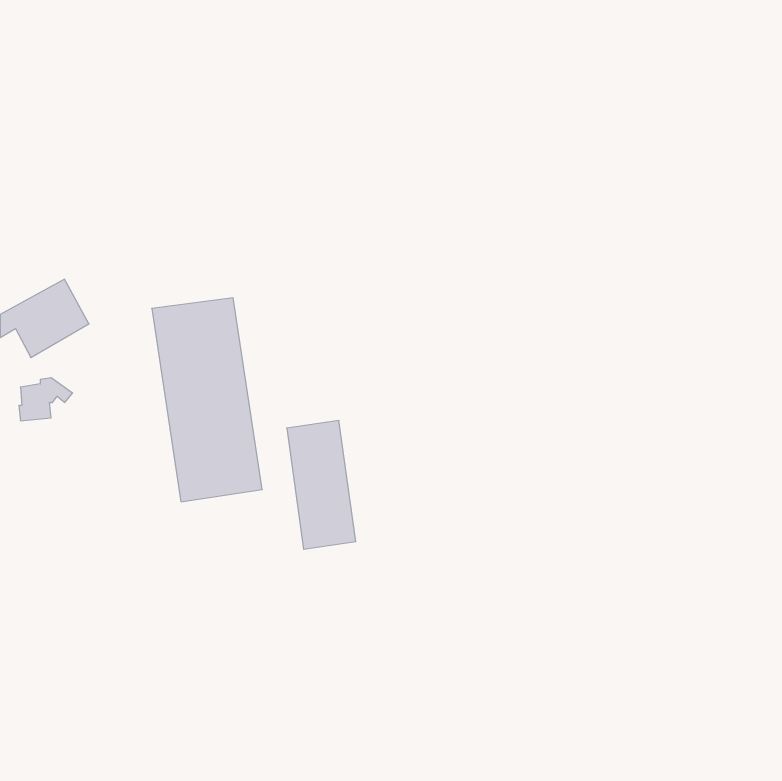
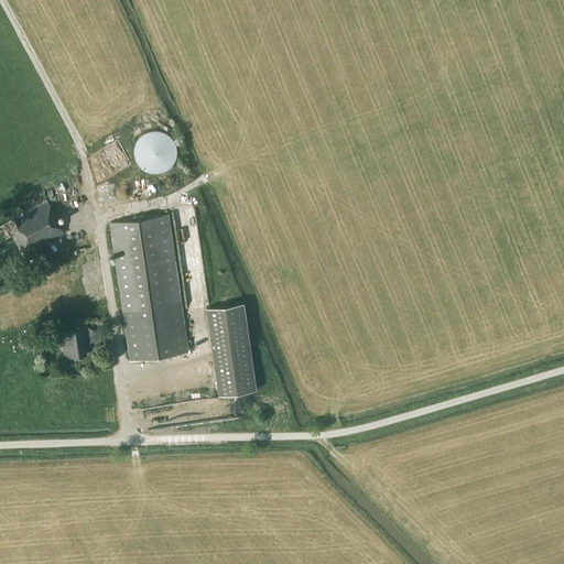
building: none -> [135,131,178,175]
building: [19,378,73,421] -> [64,327,102,358]

